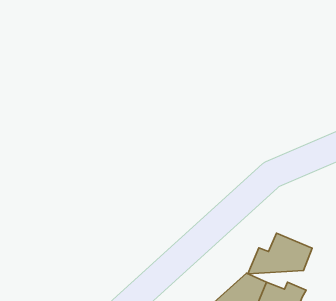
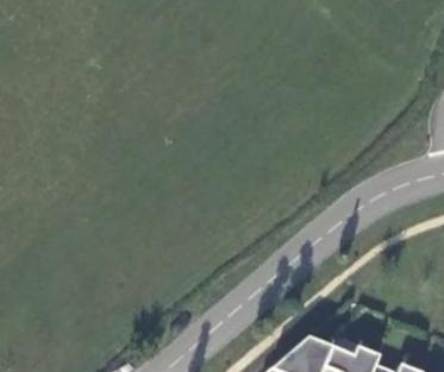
building: [248,233,312,274] -> none

